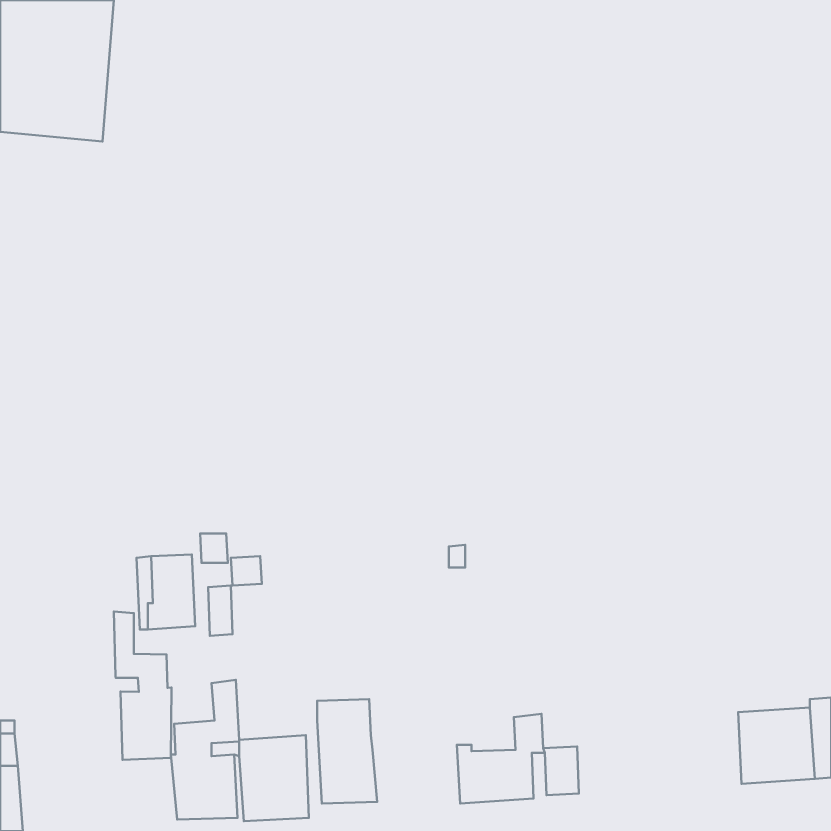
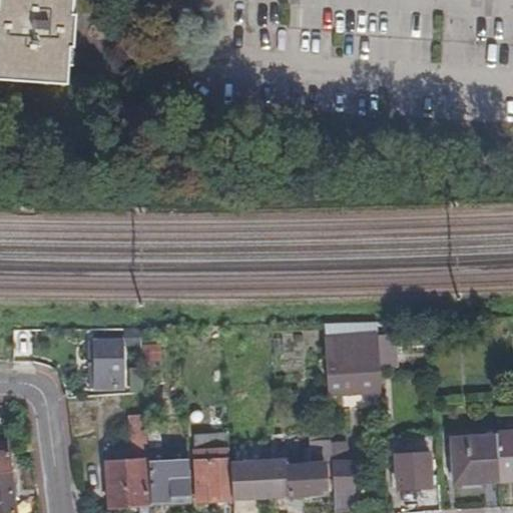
building: none -> [328,334,383,393]
building: [114,611,171,760] -> none
building: none -> [398,454,432,487]
building: none -> [229,459,284,496]

